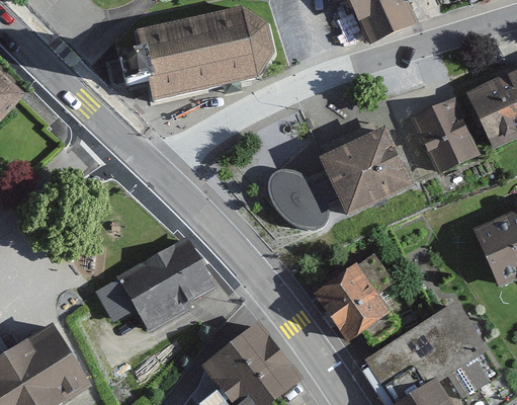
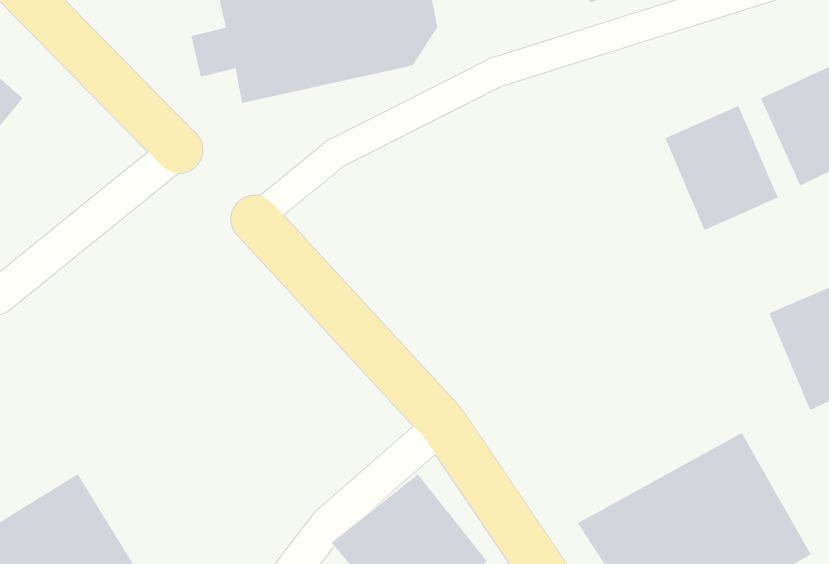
building: [318,125,411,214] -> none
building: [269,165,332,225] -> none
building: [92,238,208,331] -> none
building: [315,265,389,343] -> none

